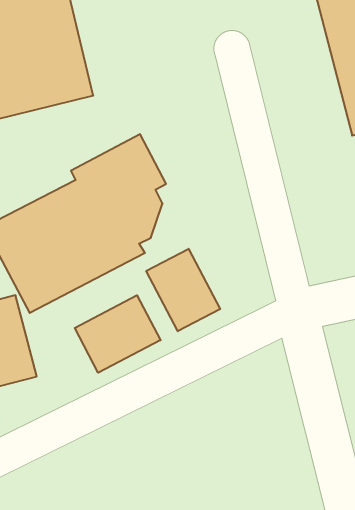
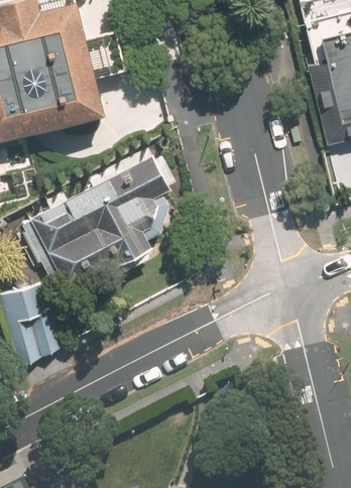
building: [146,249,220,331] -> none
building: [75,295,161,373] -> none

